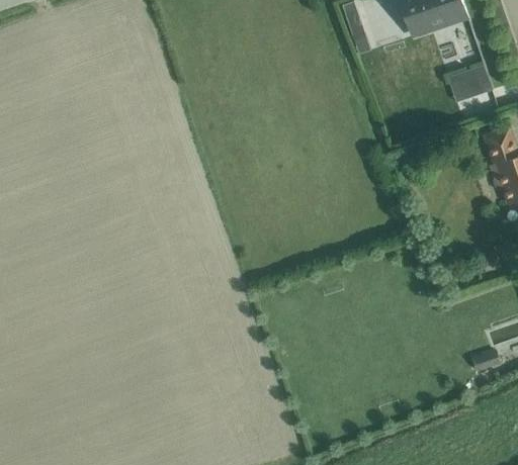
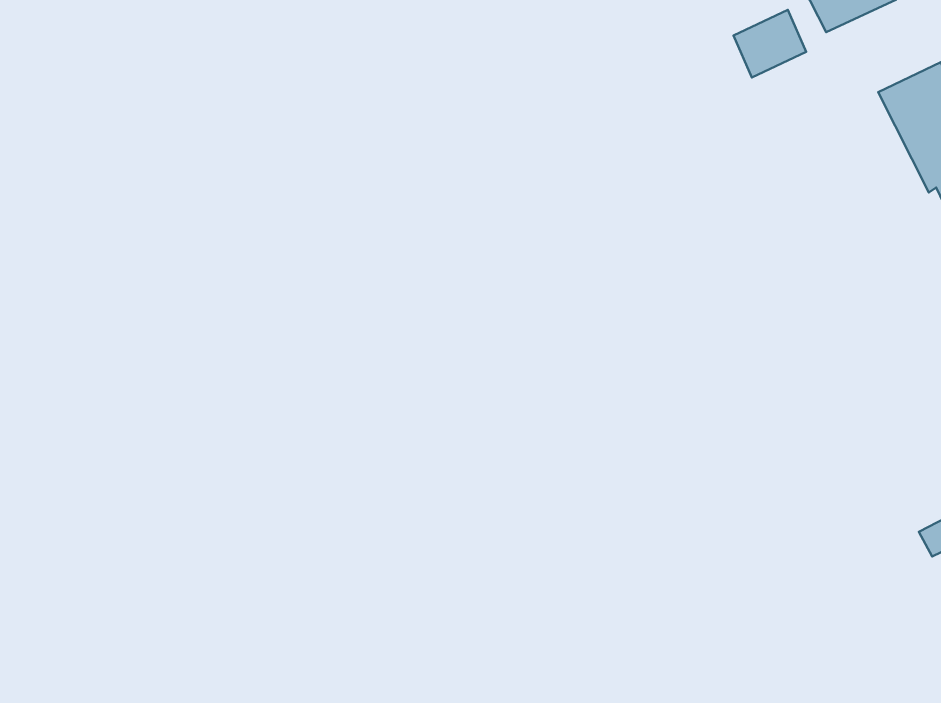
building: none -> [733,10,806,77]

